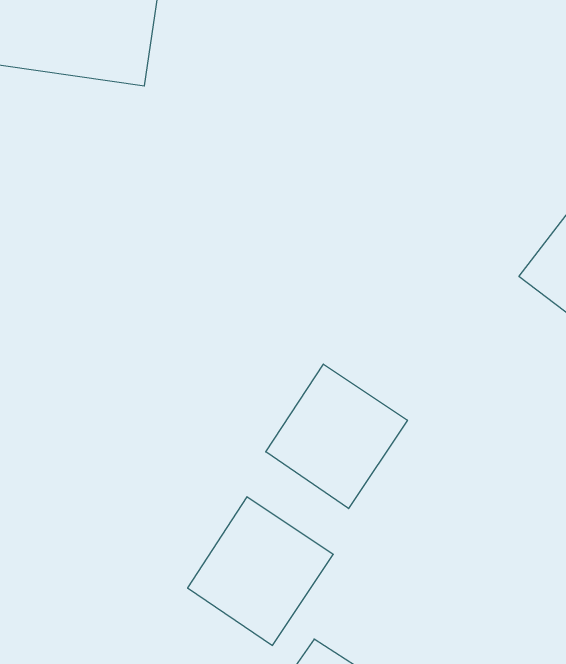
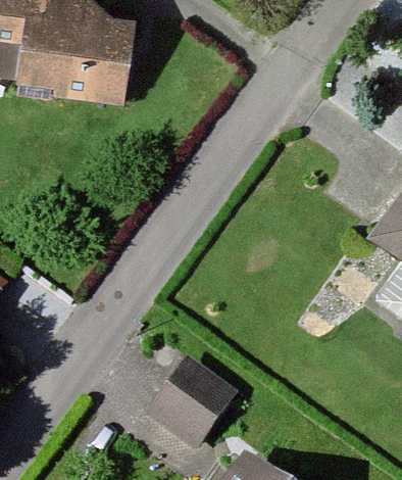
building: [266,364,407,509] -> none

